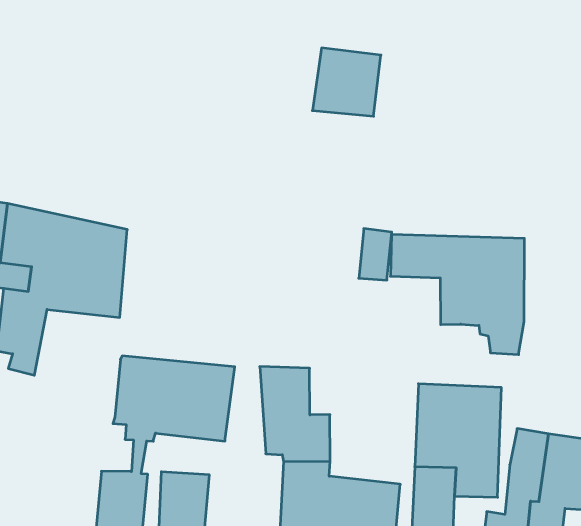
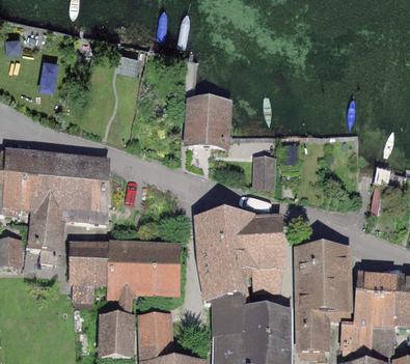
building: [312,48,381,116] -> [187,102,227,142]
building: [390,235,524,355] -> [195,216,281,288]
building: none -> [72,246,109,298]

